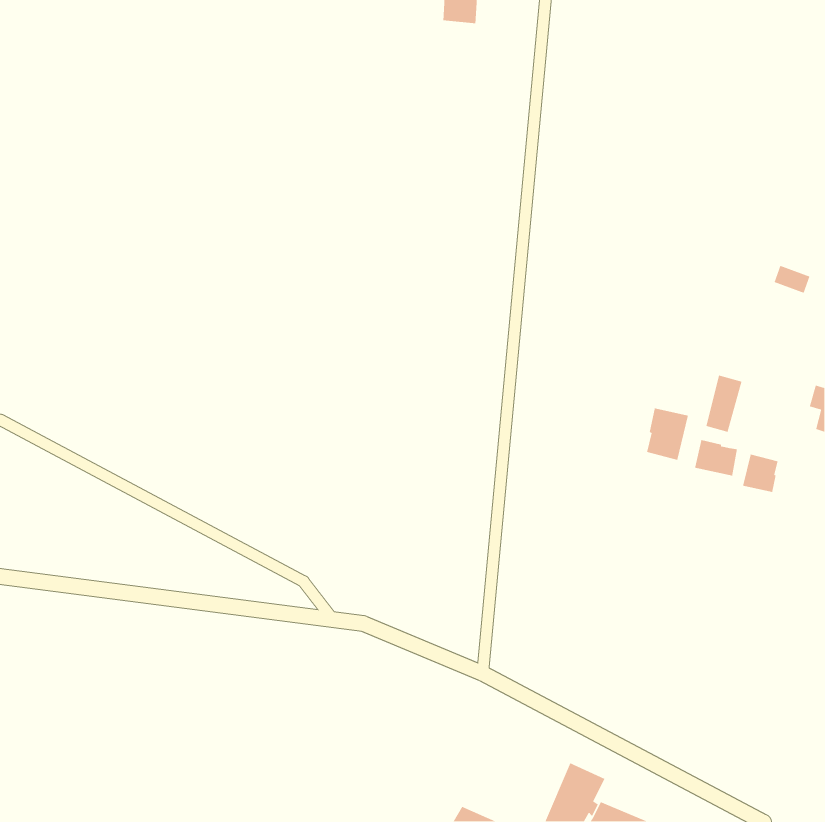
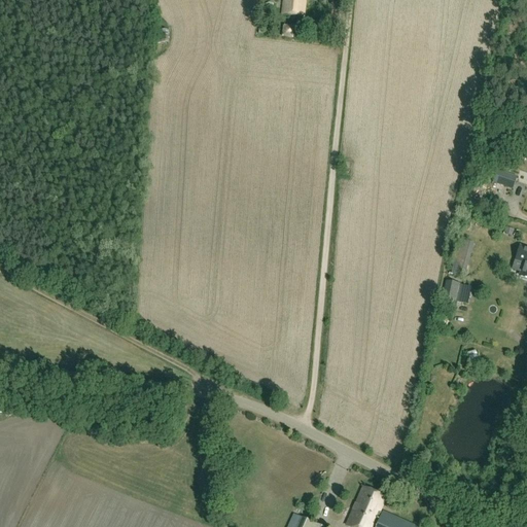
building: [646,408,689,461] -> none
building: [742,454,778,493] -> none

